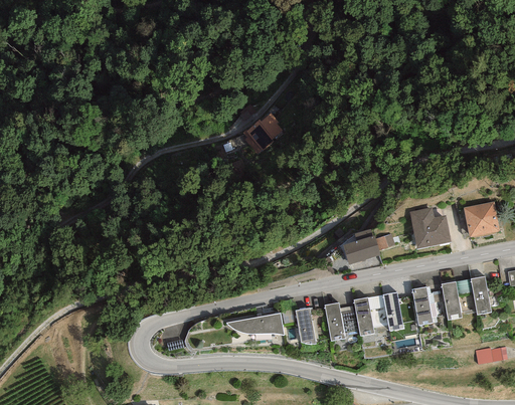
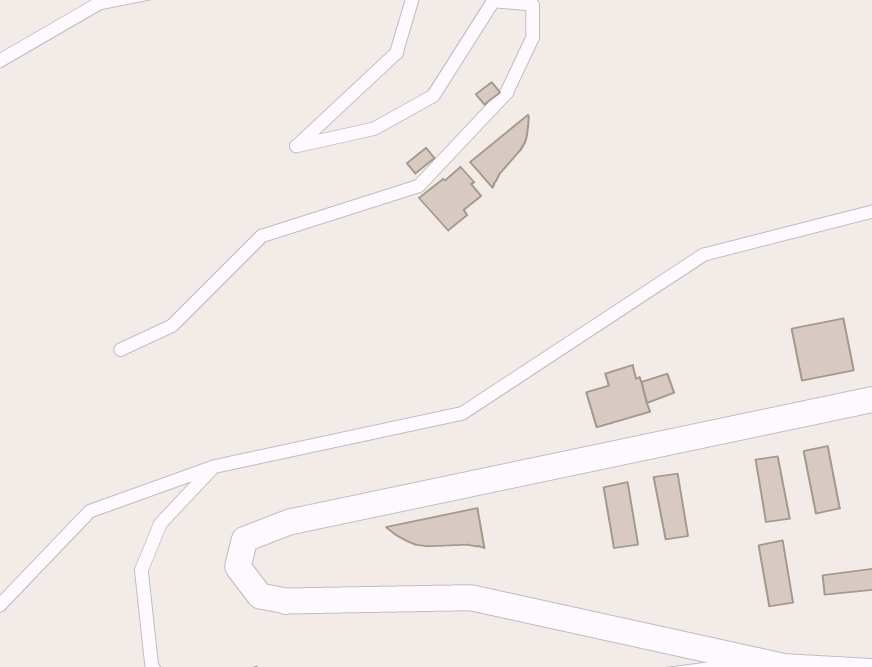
building: none -> [470,115,528,188]
building: [409,207,451,248] -> none
building: [411,286,432,325] -> [759,540,793,606]
building: [324,301,344,341] -> none
building: [295,308,316,345] -> none

